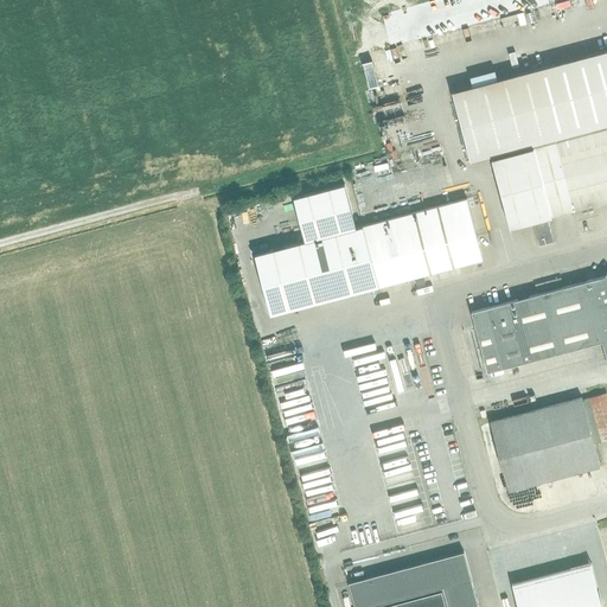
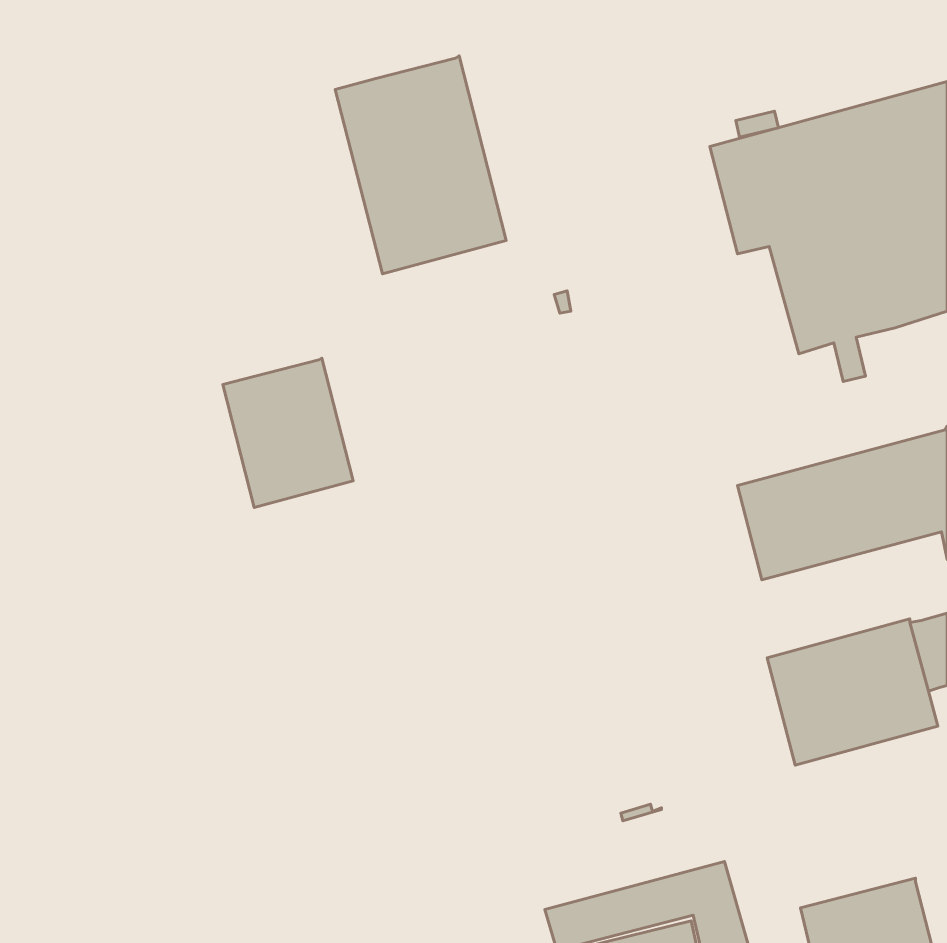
building: none -> [335,56,506,274]
building: [255,186,483,317] -> none
building: none -> [223,358,353,507]

